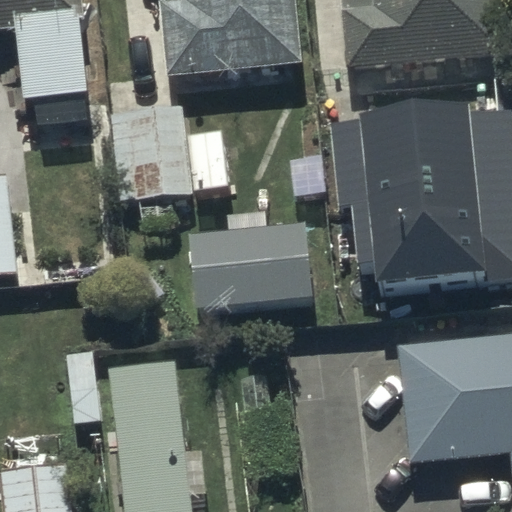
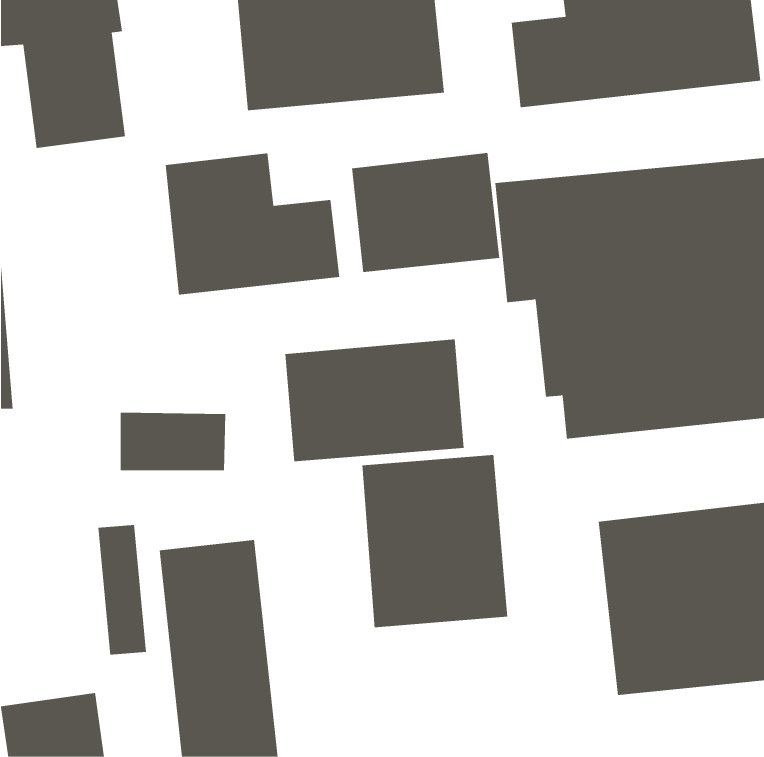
building: none -> [351,152,500,273]
building: none -> [362,454,508,628]

